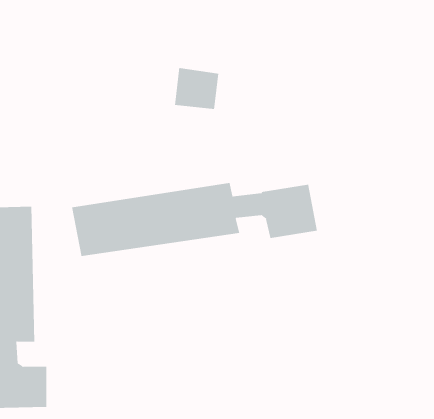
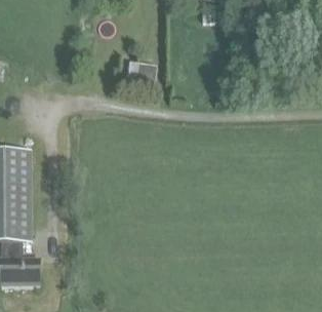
building: [71,182,318,257] -> none

